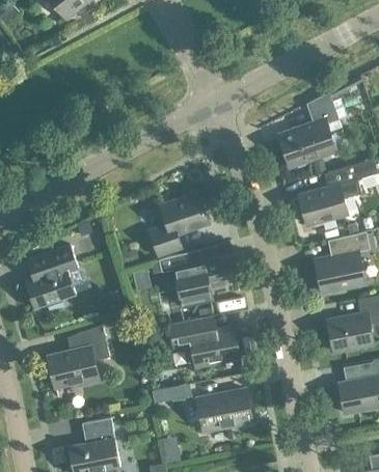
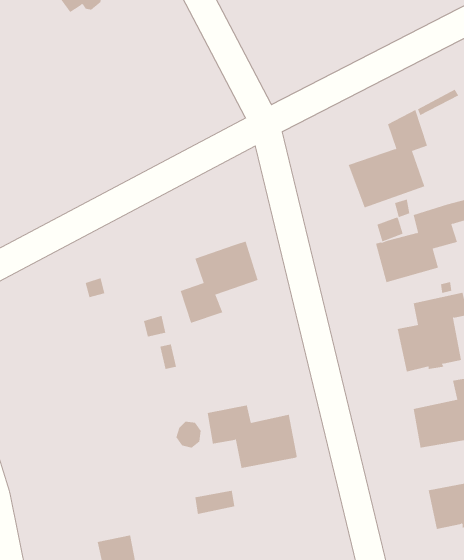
building: [24,246,78,312] -> none
building: [158,250,224,306] -> none
building: [48,326,109,387] -> none
building: [196,389,251,432] -> none

